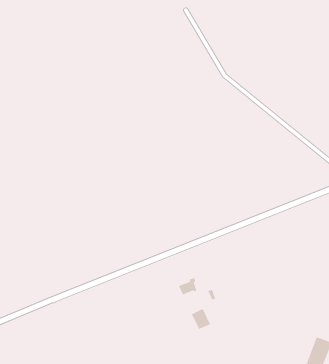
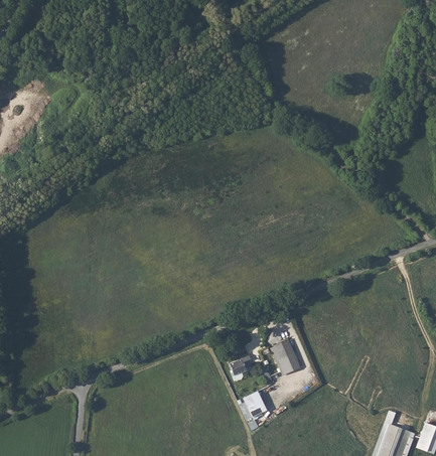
building: none -> [271,338,301,374]

